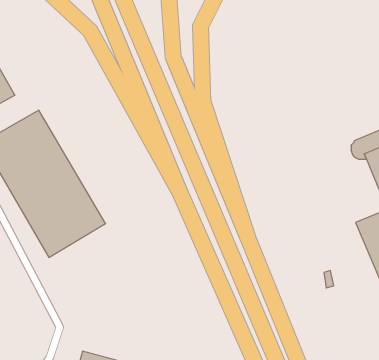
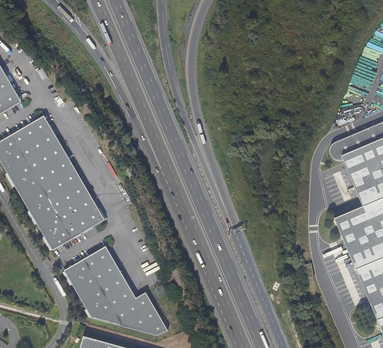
building: none -> [64,245,169,335]

